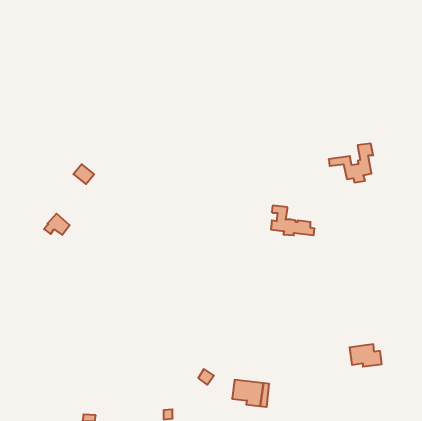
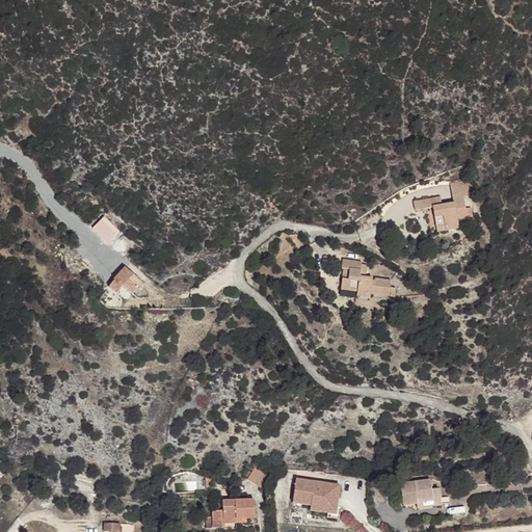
building: [44,214,70,235] -> [109,266,141,293]
building: [349,344,382,367] -> [400,479,441,507]
building: none -> [222,499,255,523]

